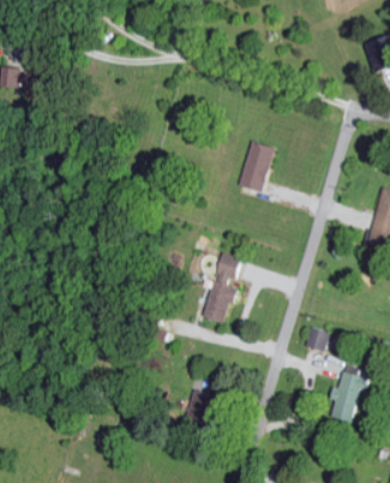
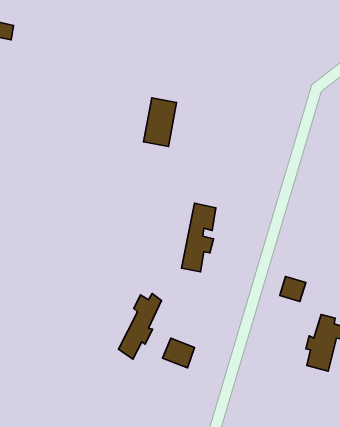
building: [239,142,272,191] -> [143,98,177,146]
building: none -> [118,293,162,359]

